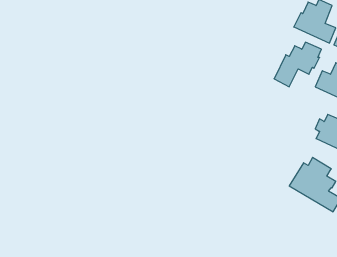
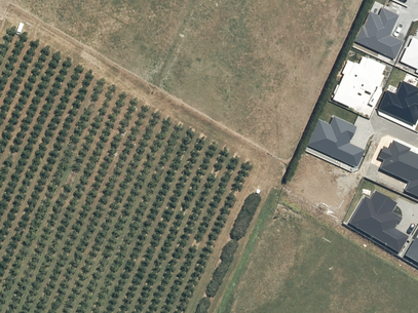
building: none -> [306,116,366,168]

